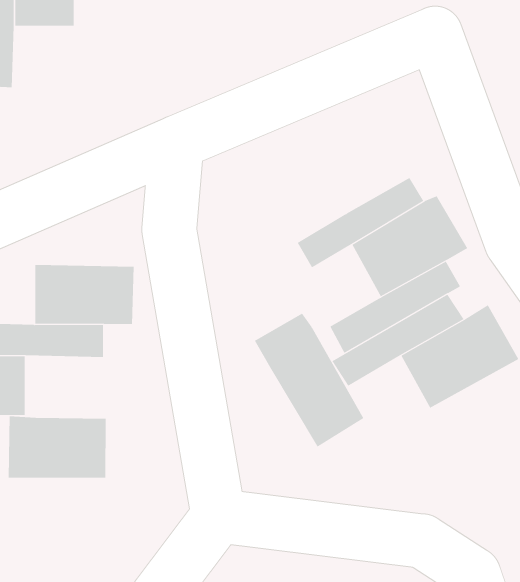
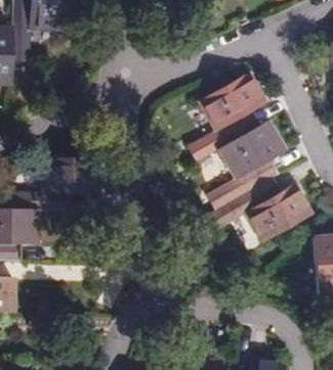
building: none -> [202,73,266,131]
building: [254,313,364,448] -> none
building: [8,416,106,478] -> none

